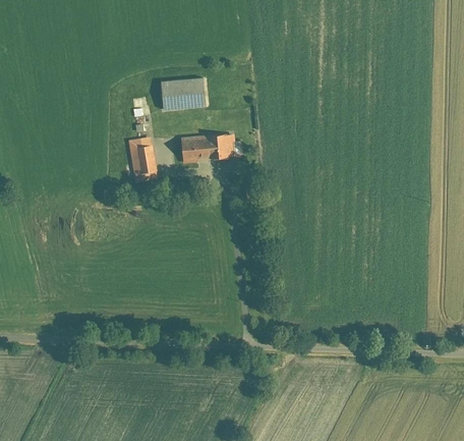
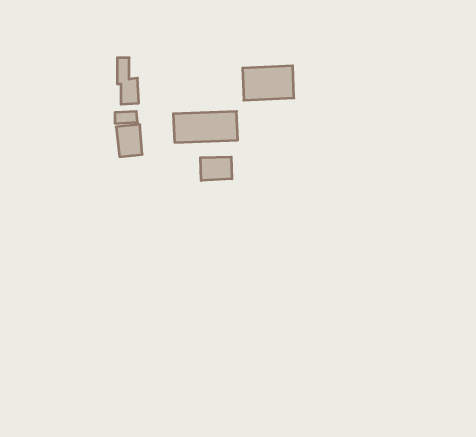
building: [161,79,205,109] -> [243,66,294,100]
building: none -> [200,157,232,181]

